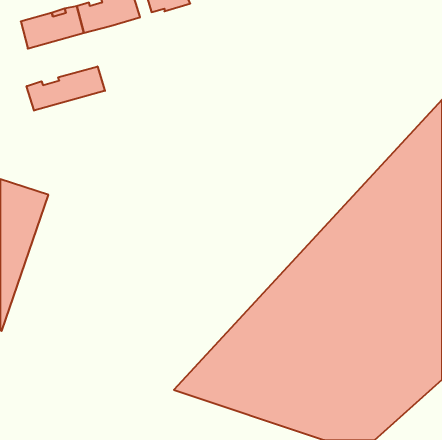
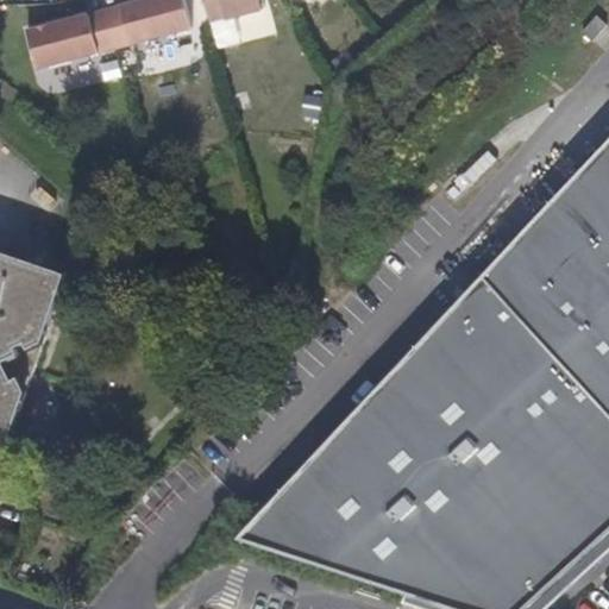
building: [27,66,105,111] -> none

